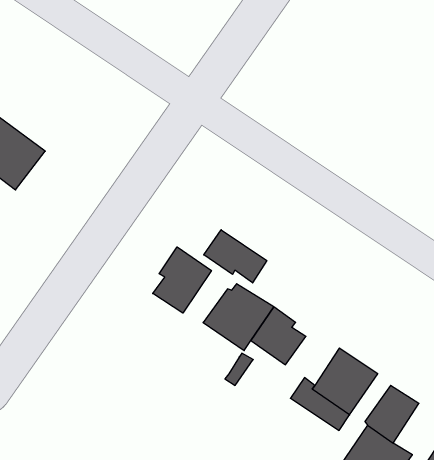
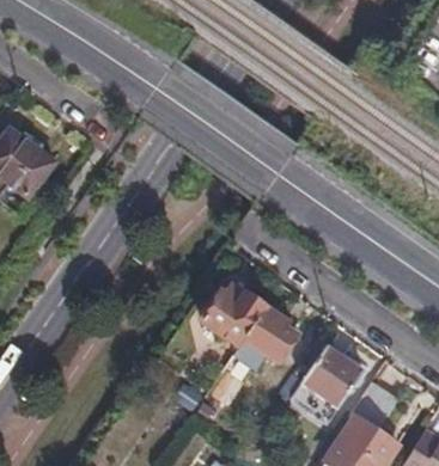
building: [204,230,267,283] -> none
building: [153,247,211,313] -> none

